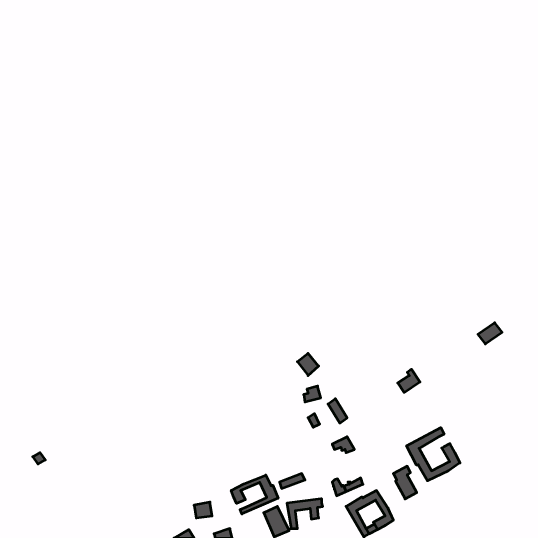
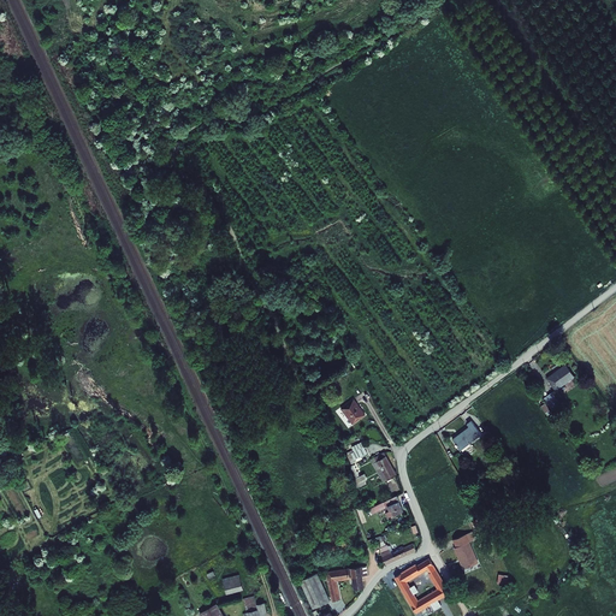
building: [407,428,460,481] -> none
building: [231,475,278,514] -> none

